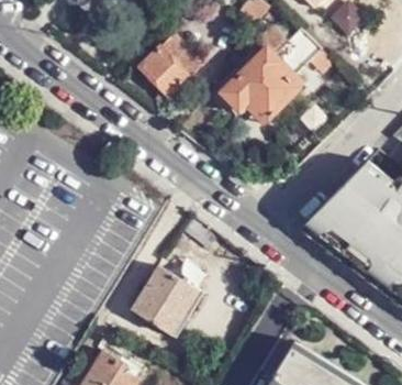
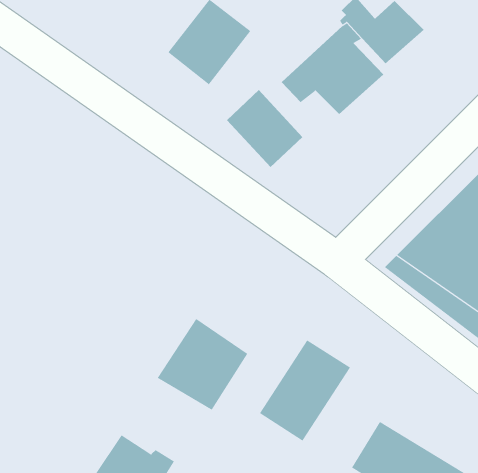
building: none -> [226,89,303,168]
building: none -> [259,339,351,441]

